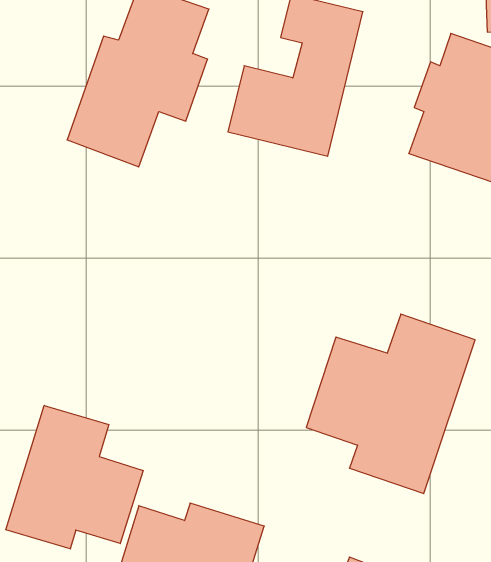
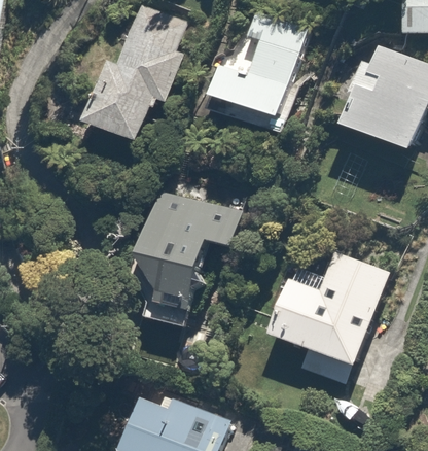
building: none -> [136,179,251,328]
building: [6,405,143,549] -> none

